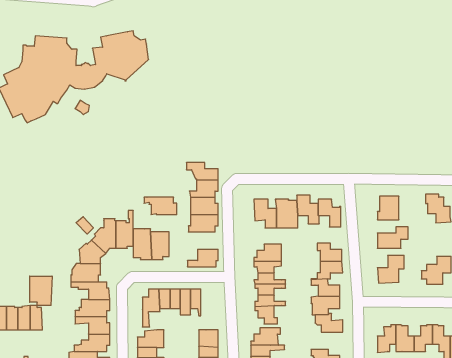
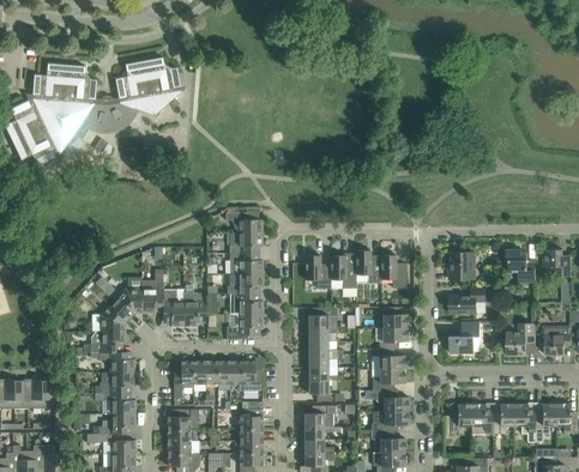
building: [144,197,177,215] -> [224,294,263,314]
building: [30,276,52,305] -> none
building: none -> [242,361,263,391]
building: none -> [372,411,409,431]

